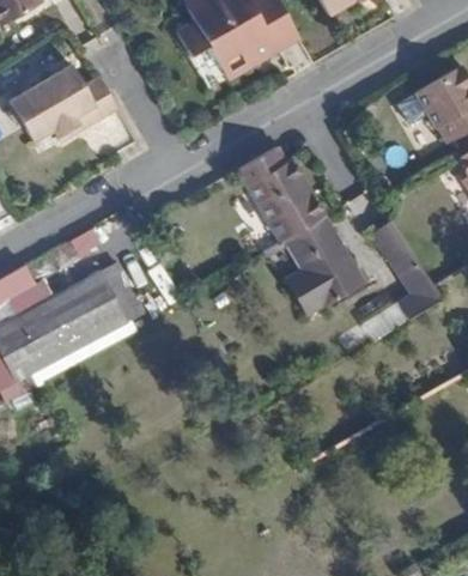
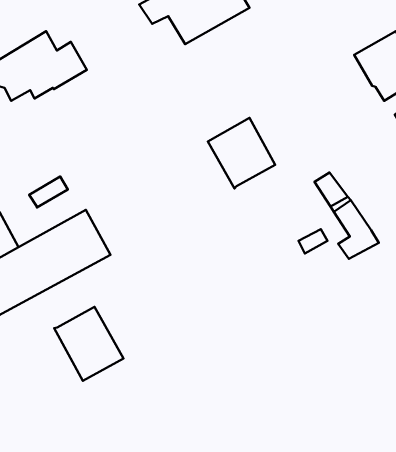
building: [239,144,298,188] -> none
building: [280,214,360,308] -> none
building: none -> [54,307,124,381]

